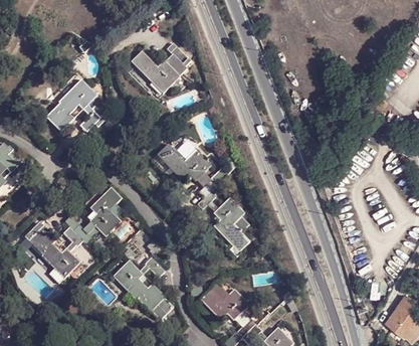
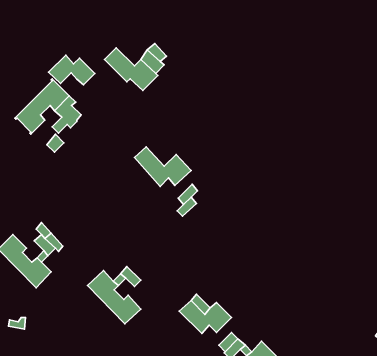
building: none -> [49,55,95,85]
building: [90,188,122,236] -> none
building: [214,198,250,251] -> none

